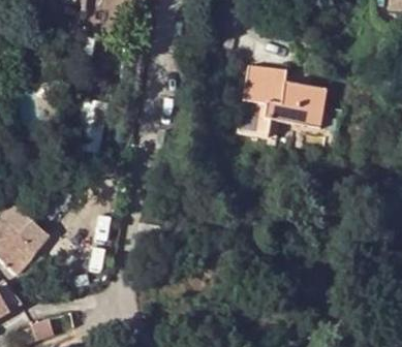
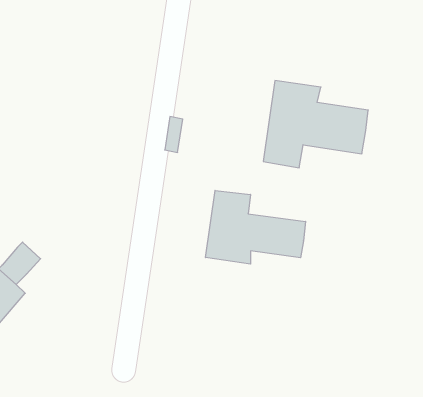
building: none -> [206,190,306,264]

